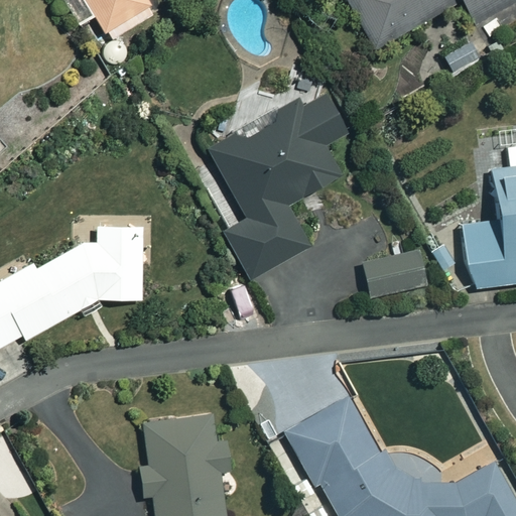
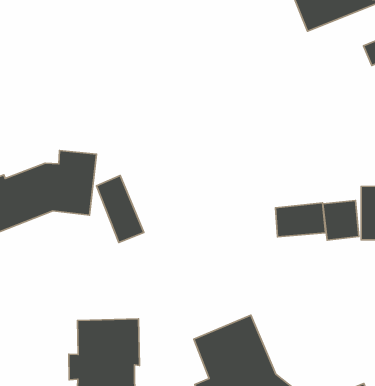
building: [209,93,350,278] -> none
building: none -> [323,200,359,240]
building: none -> [96,176,144,243]

